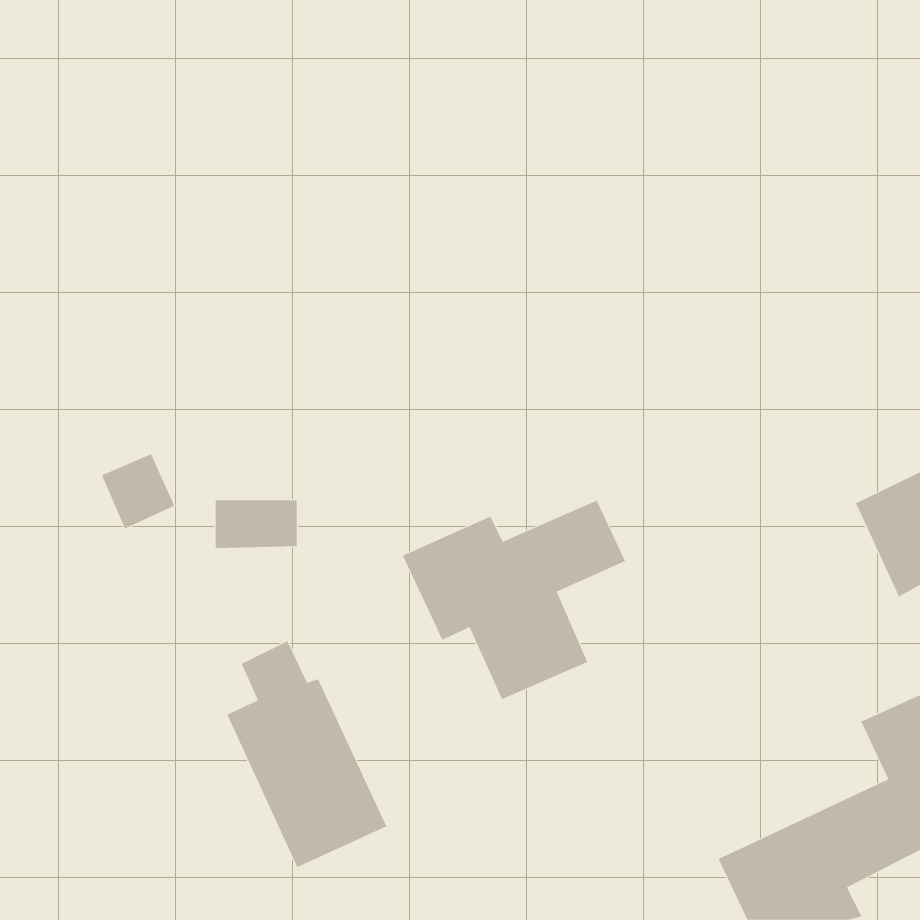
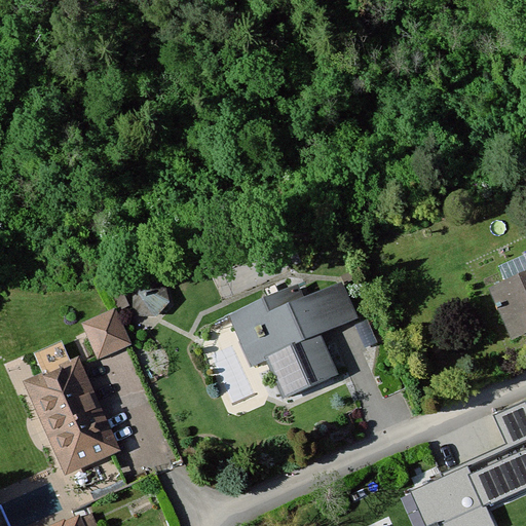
building: [101,453,175,529] -> [87,313,129,356]
building: [226,641,387,868] -> [27,343,118,473]

